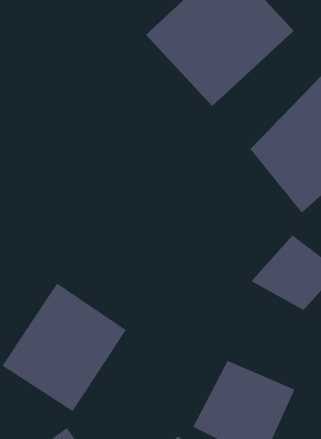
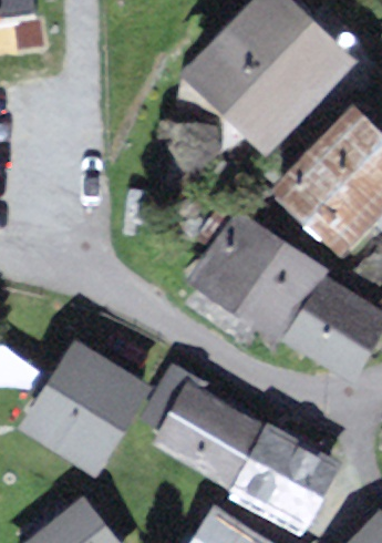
building: none -> [193,221,332,338]
building: none -> [146,379,258,486]

